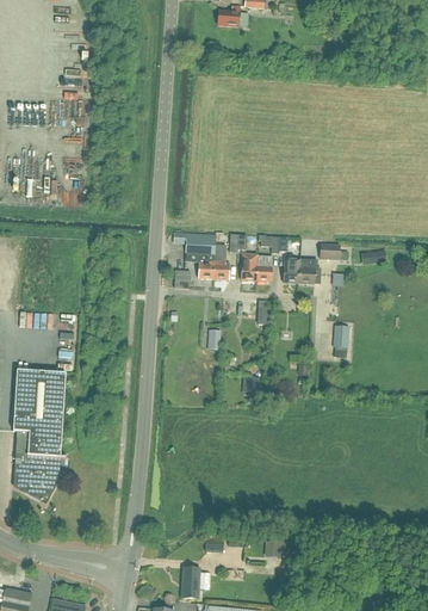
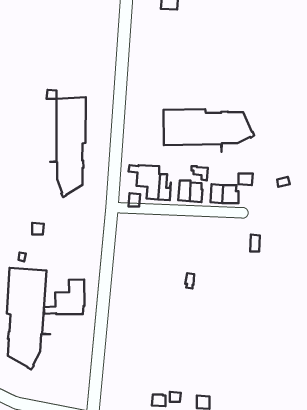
building: none -> [50,97,86,197]
building: none -> [163,109,254,152]
building: none -> [44,280,85,314]

